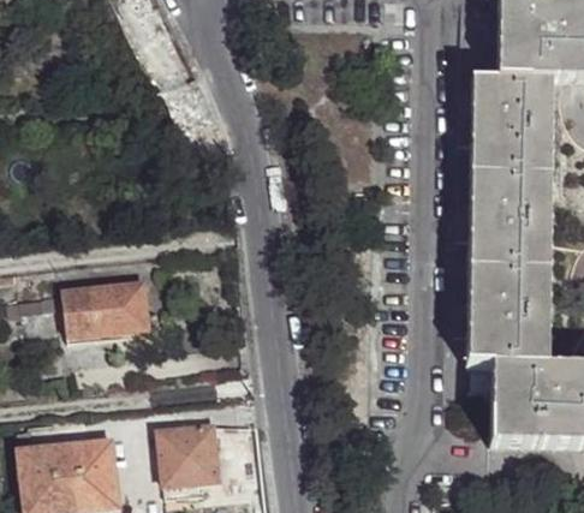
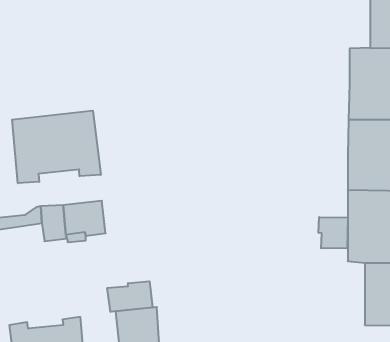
building: none -> [12,111,101,183]
building: none -> [319,217,348,248]
building: none -> [107,281,152,312]

